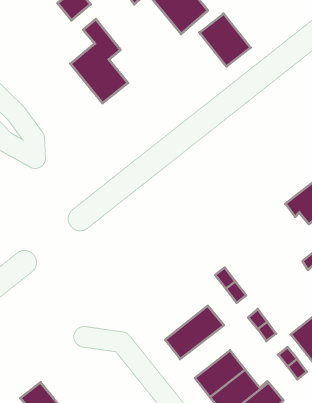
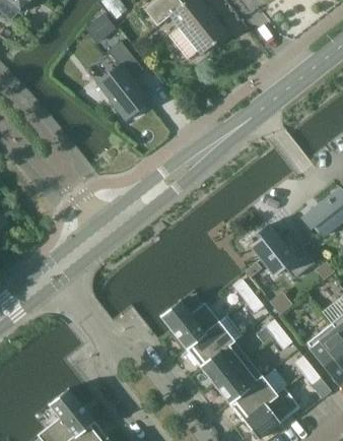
building: [199,14,251,66] -> none
building: none -> [250,225,315,279]
building: none -> [160,300,226,348]
building: none -> [200,333,248,384]

